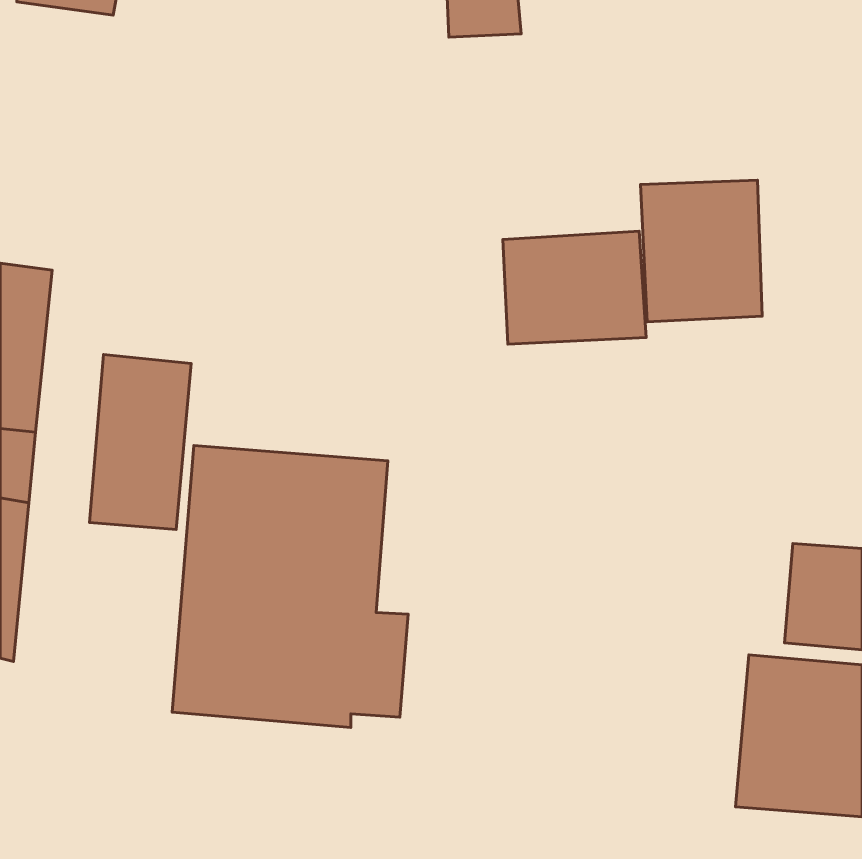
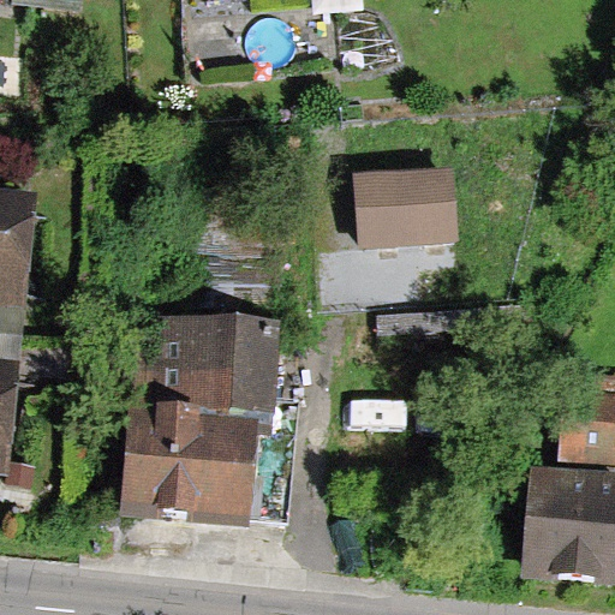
building: [640,180,762,322] -> none
building: [90,354,191,529] -> none

